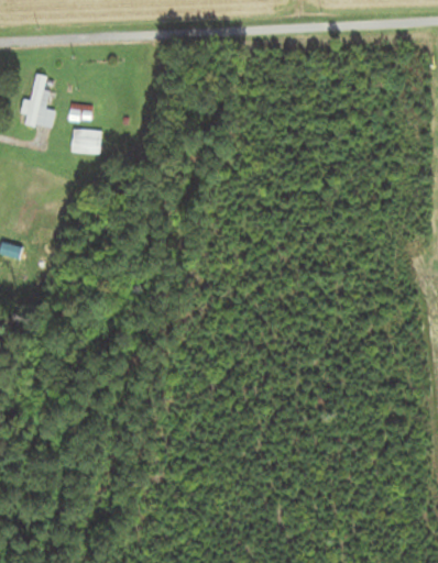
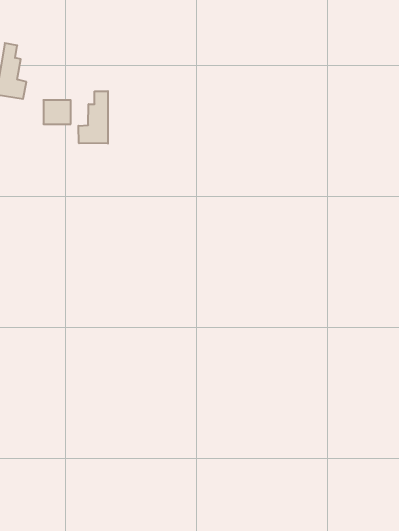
building: none -> [78,91,108,144]

